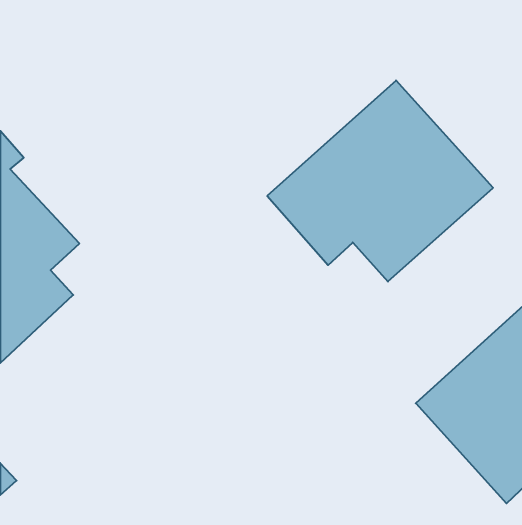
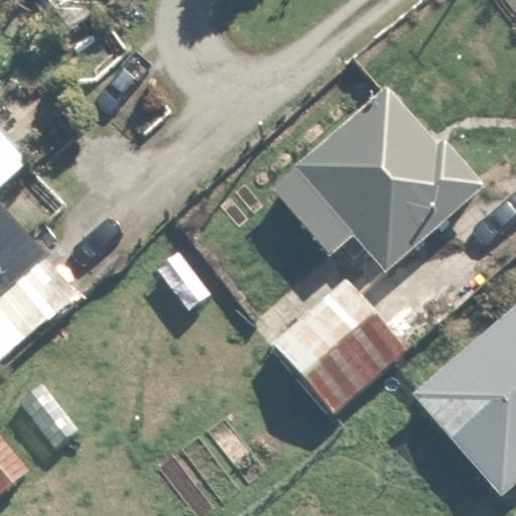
building: none -> [271,284,404,415]

